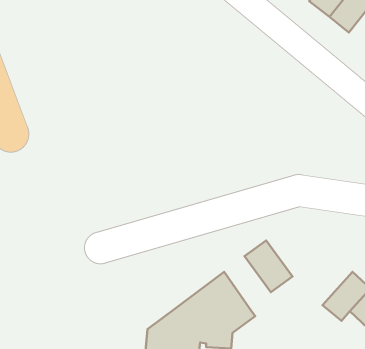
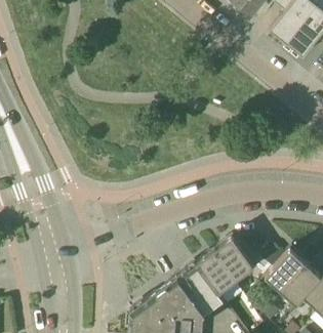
building: none -> [266,246,307,289]
building: none -> [197,247,237,291]

